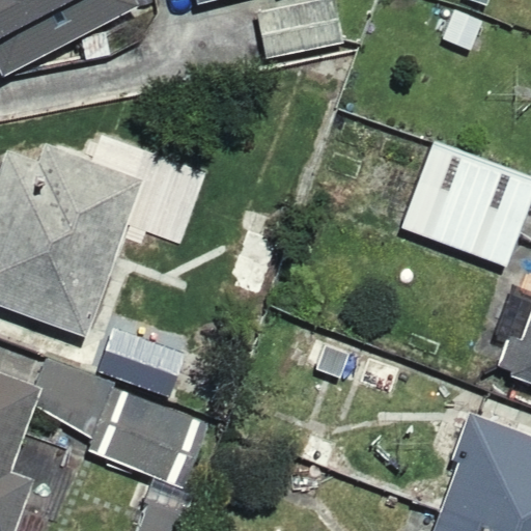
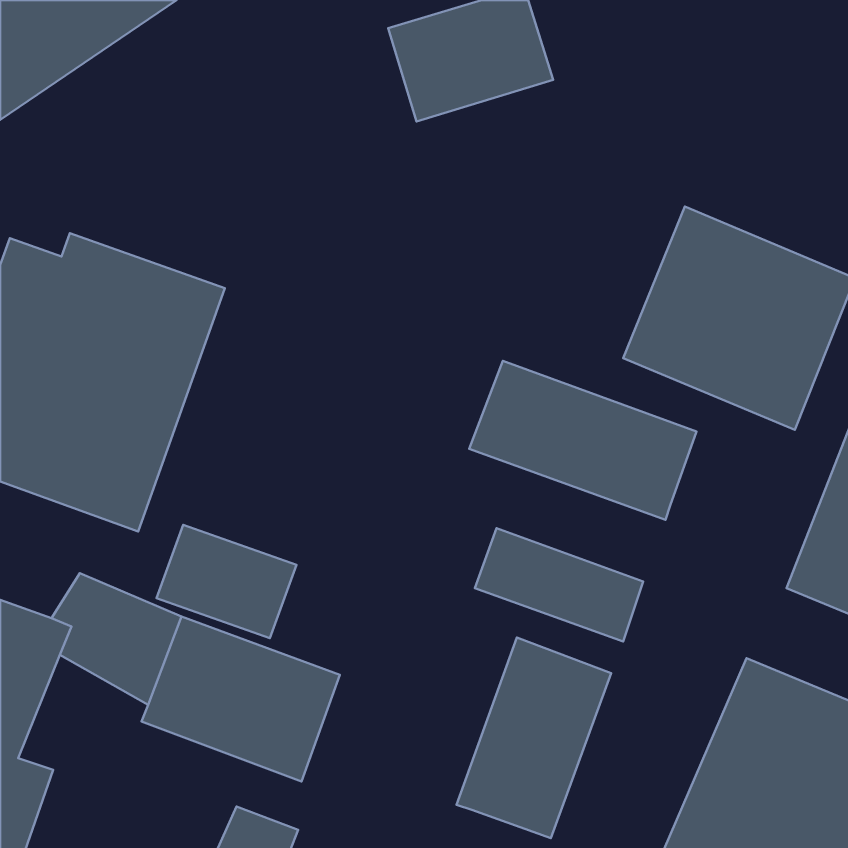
building: none -> [469,361,697,520]
building: none -> [457,638,611,838]

